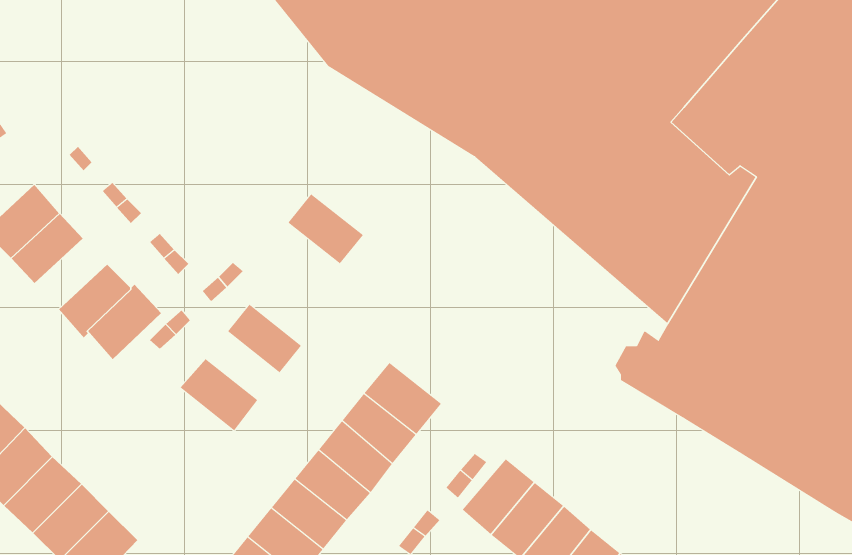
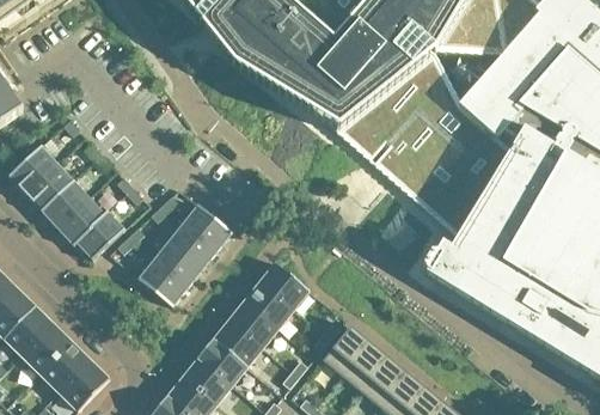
building: [287,193,364,264] -> [183,203,233,250]
building: none -> [42,179,90,226]
building: none -> [154,240,203,286]

